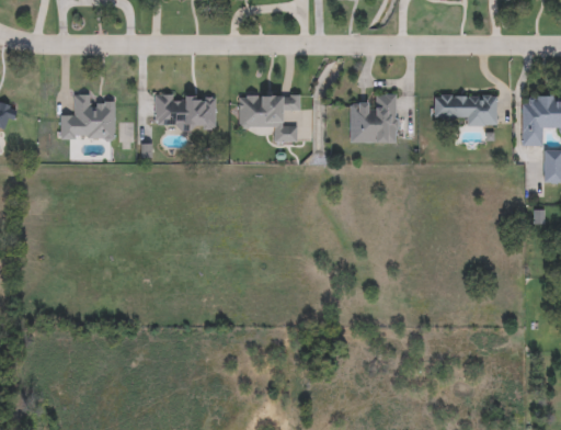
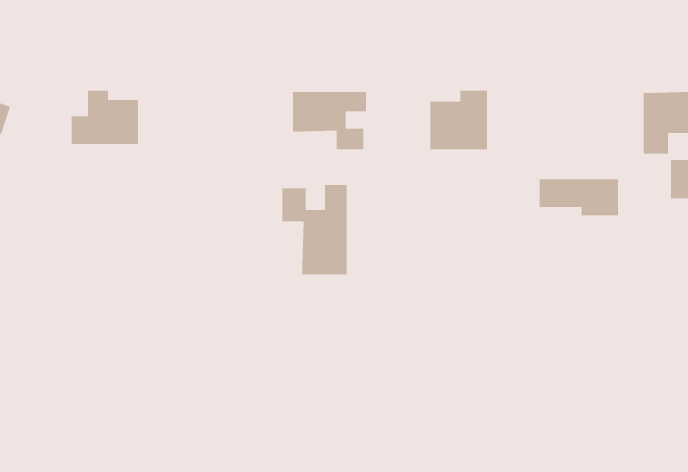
building: [154,94,215,127] -> none
building: [433,95,497,125] -> [539,179,619,216]
building: none -> [282,184,347,275]

